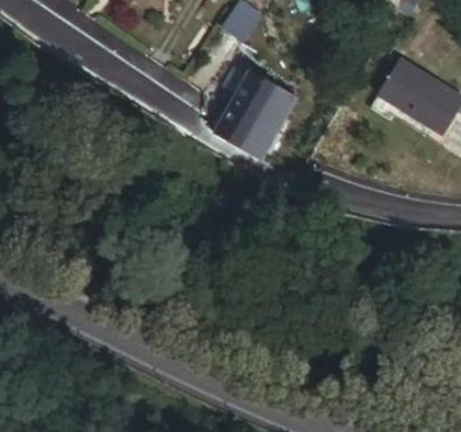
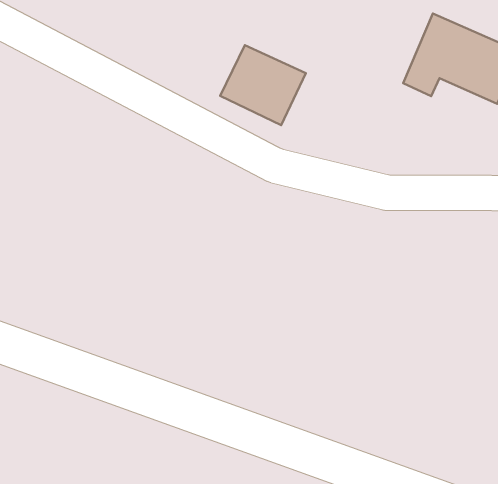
building: [215,109,273,158] -> none

